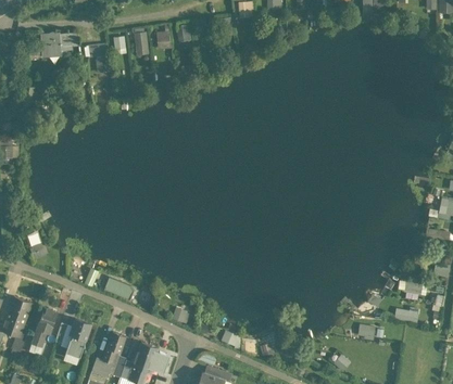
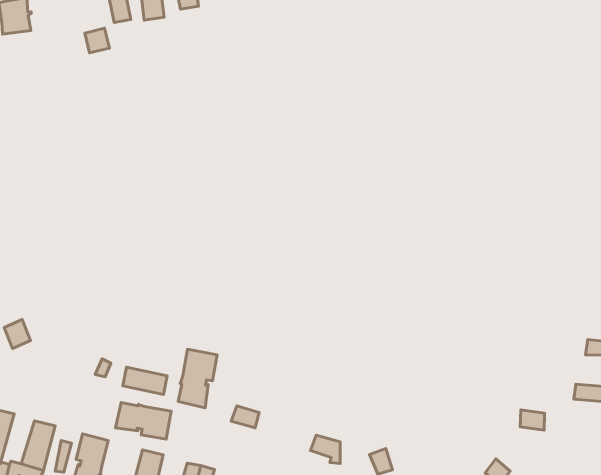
building: none -> [178,349,217,408]
building: none -> [116,402,171,439]

